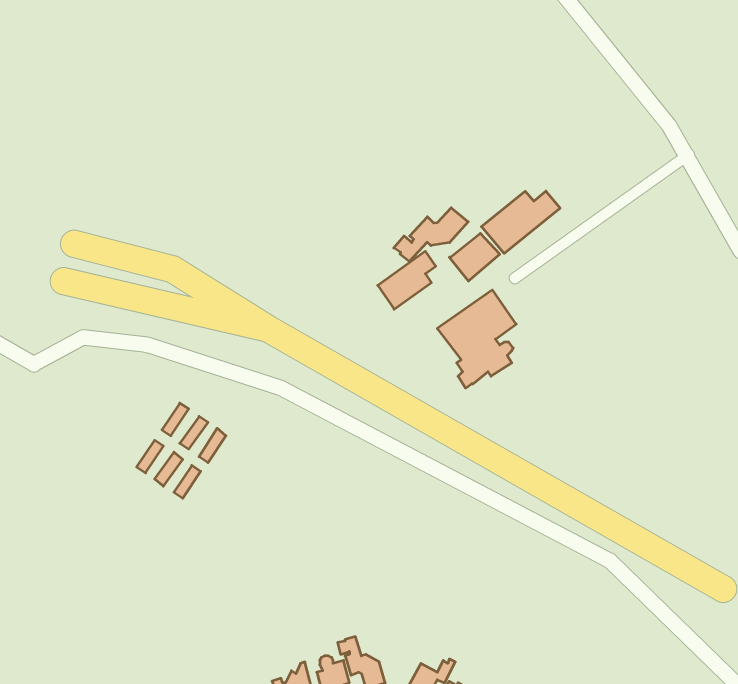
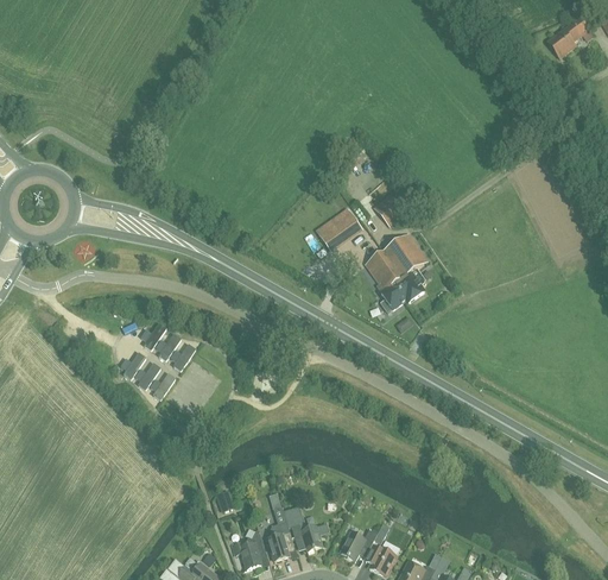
building: none -> [546,18,588,57]
building: [481,191,560,253] -> none
building: [394,208,468,261] -> none

